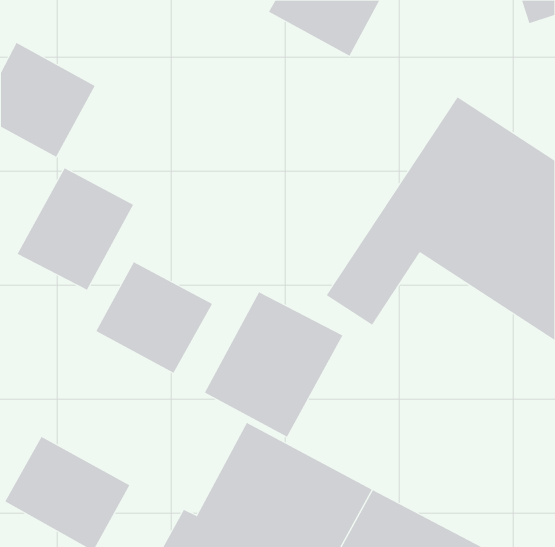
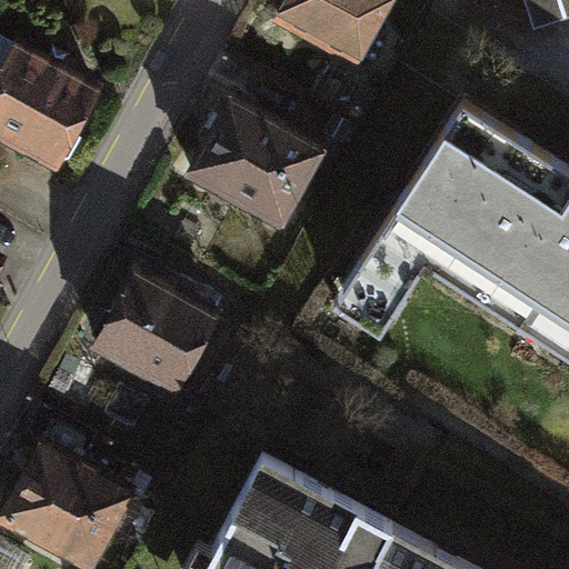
building: none -> [189,101,320,228]
building: [17,167,134,291] -> none
building: [204,291,343,437] -> none

